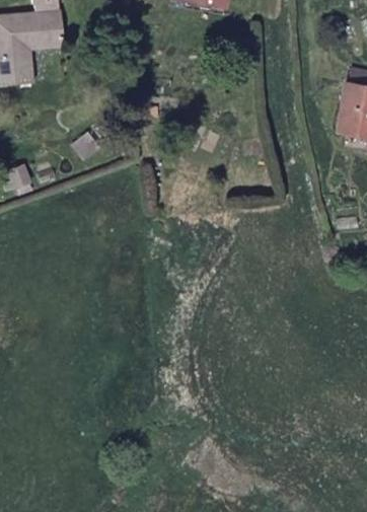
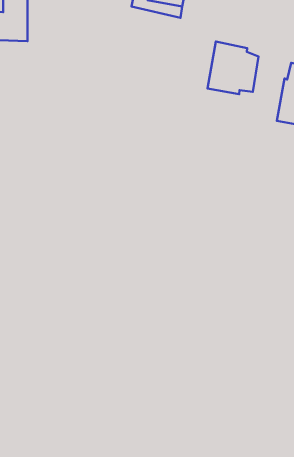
building: none -> [207,41,258,94]

